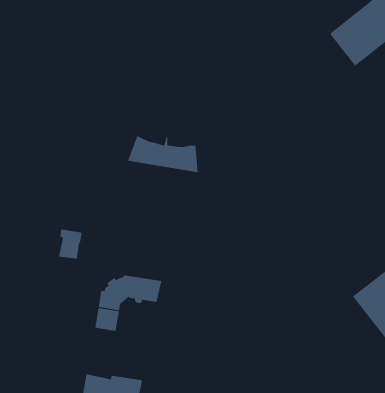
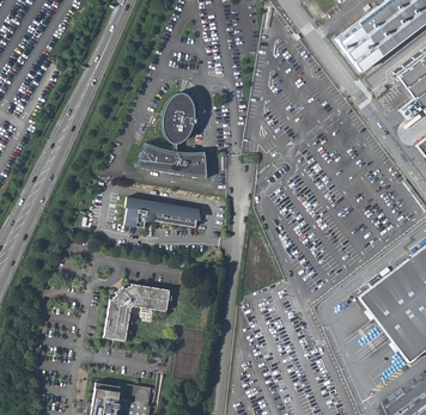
building: none -> [162,93,196,144]
building: none -> [156,202,201,228]
building: [58,229,82,259] -> [127,197,151,227]

